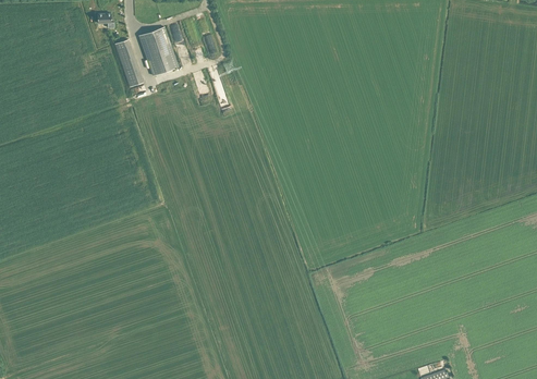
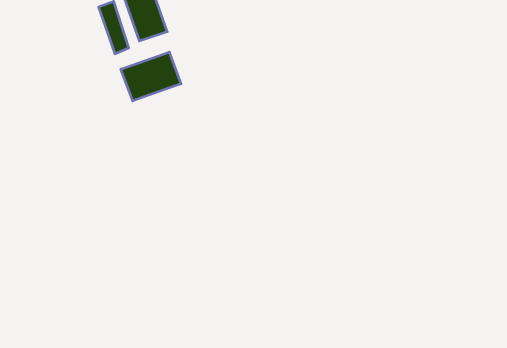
building: none -> [121,52,181,101]

